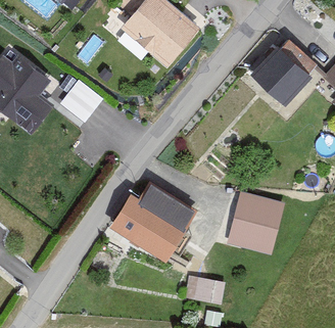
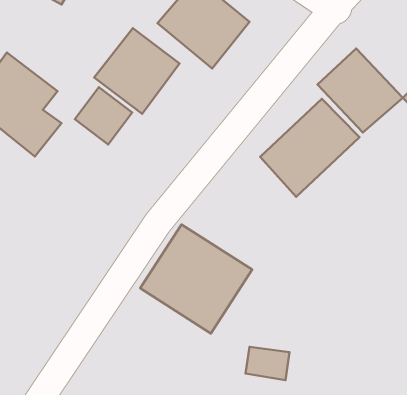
building: none -> [94,28,179,114]
building: none -> [260,99,359,197]
building: [231,193,282,249] -> none

